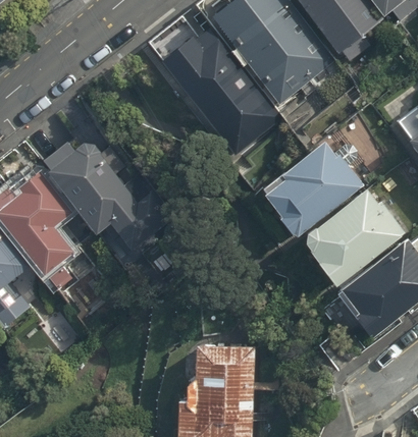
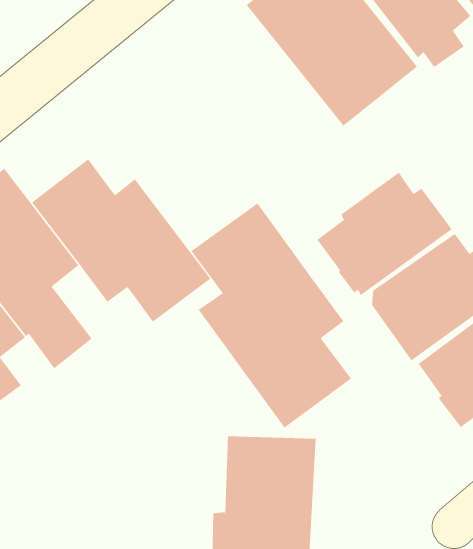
building: [156,23,281,155] -> none
building: none -> [190,203,352,429]

